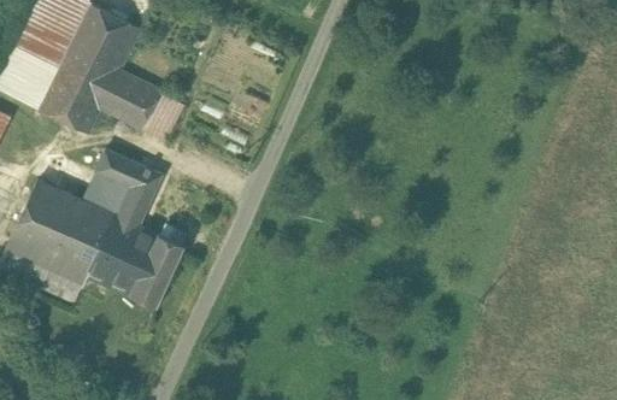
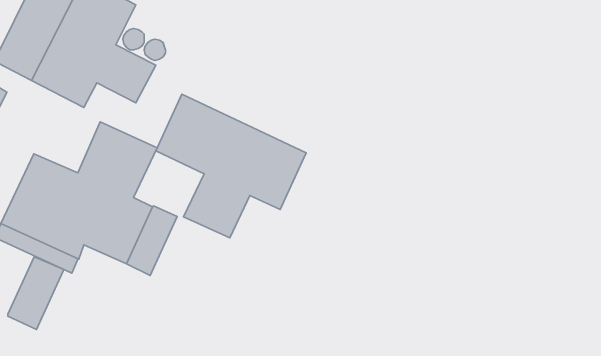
building: none -> [156,94,306,238]
building: none -> [8,257,64,329]

